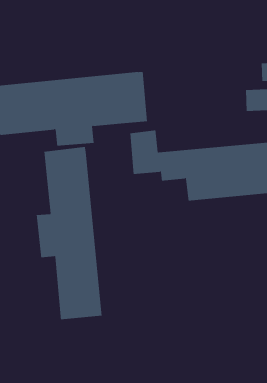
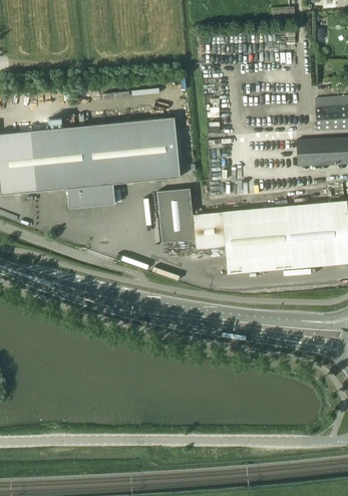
building: [36,146,102,320] -> none

